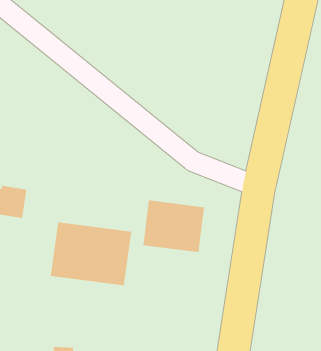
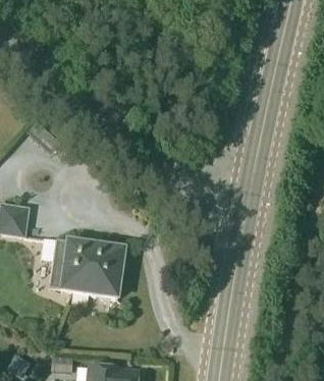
building: [143,200,205,253] -> none

